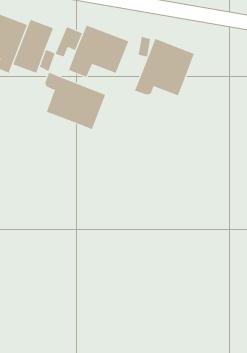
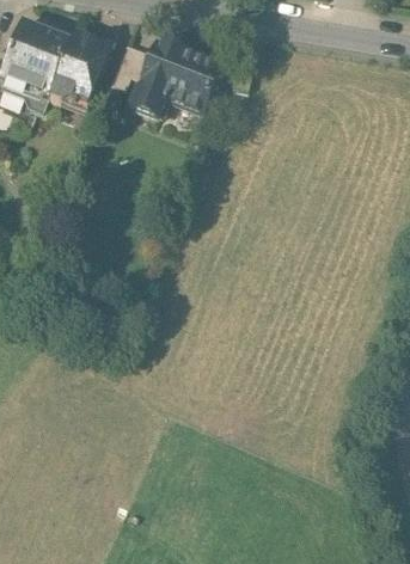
building: [134,38,195,96] -> none
building: [45,72,106,130] -> none

